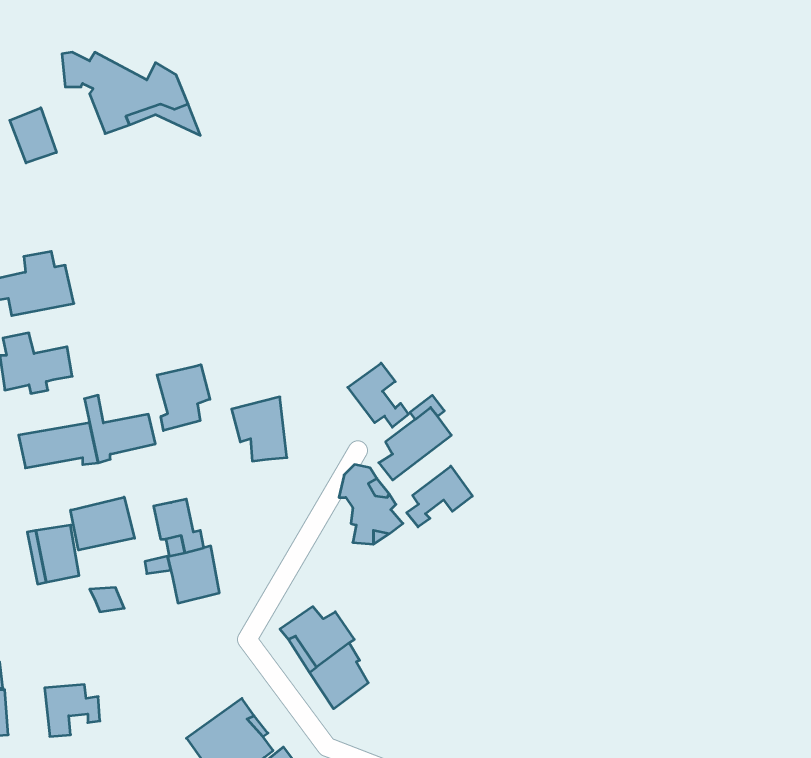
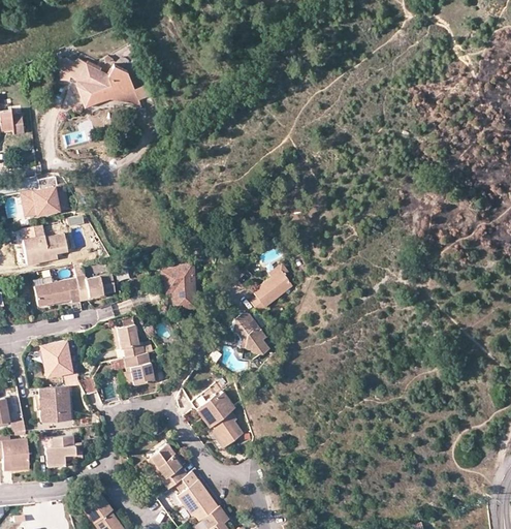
building: [10,108,56,163] -> none
building: [348,363,408,427] -> none
building: [157,365,210,431] -> none
building: [407,466,472,527] -> none
building: [71,497,135,550] -> none
building: none -> [40,386,72,423]

